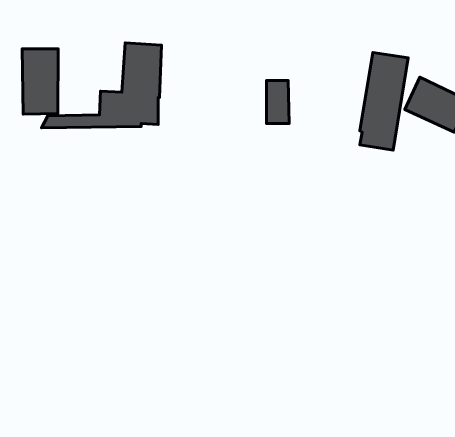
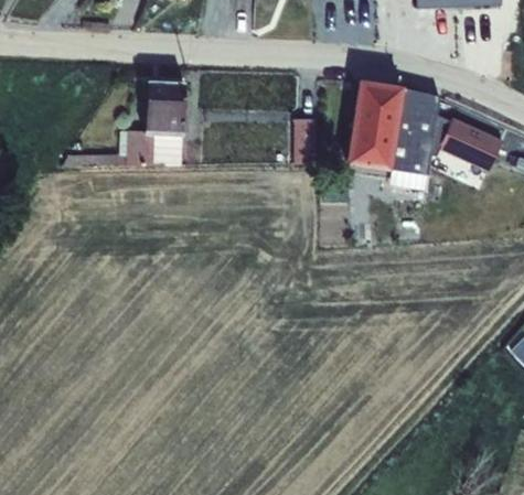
building: none -> [344,79,403,171]
building: [22,49,58,114] -> none

